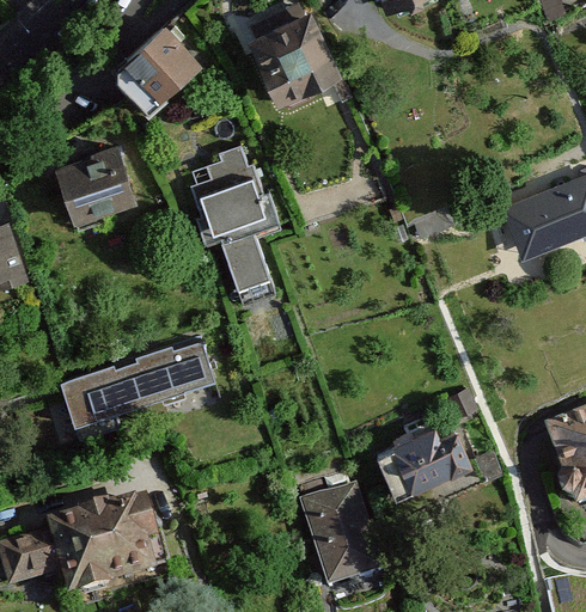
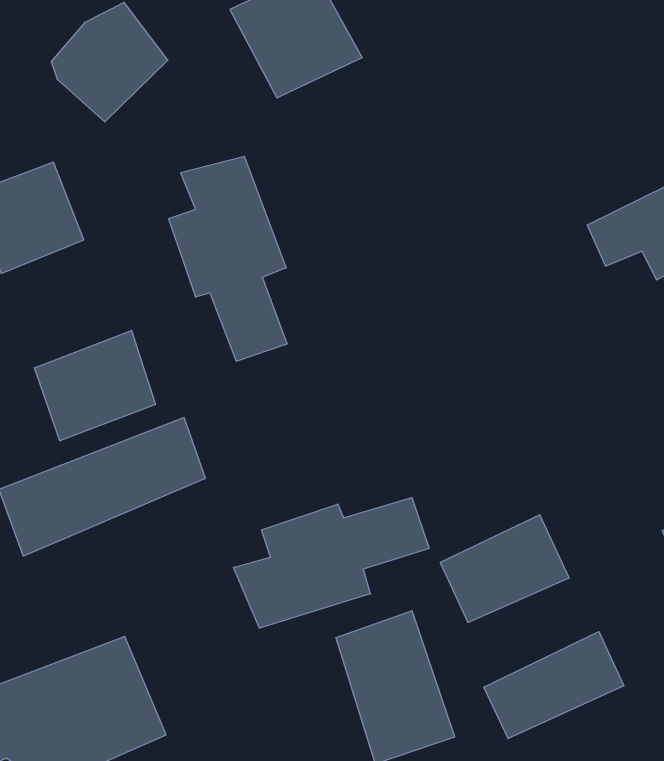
building: none -> [34,330,155,441]
building: none -> [233,498,429,628]
building: none -> [484,632,624,739]

